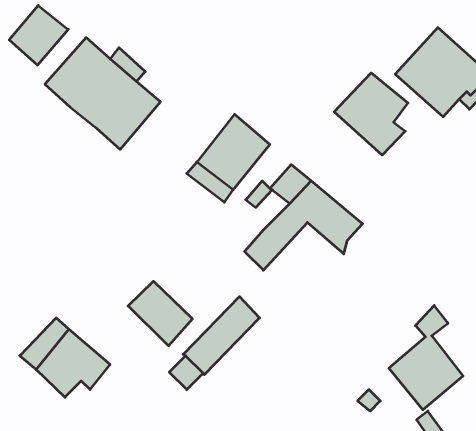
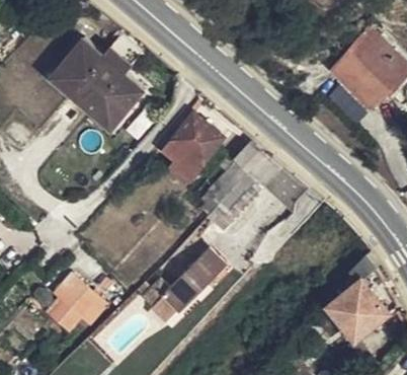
building: [9,5,68,65] -> none
building: [334,73,408,155] -> none
building: [128,281,192,346] -> none

